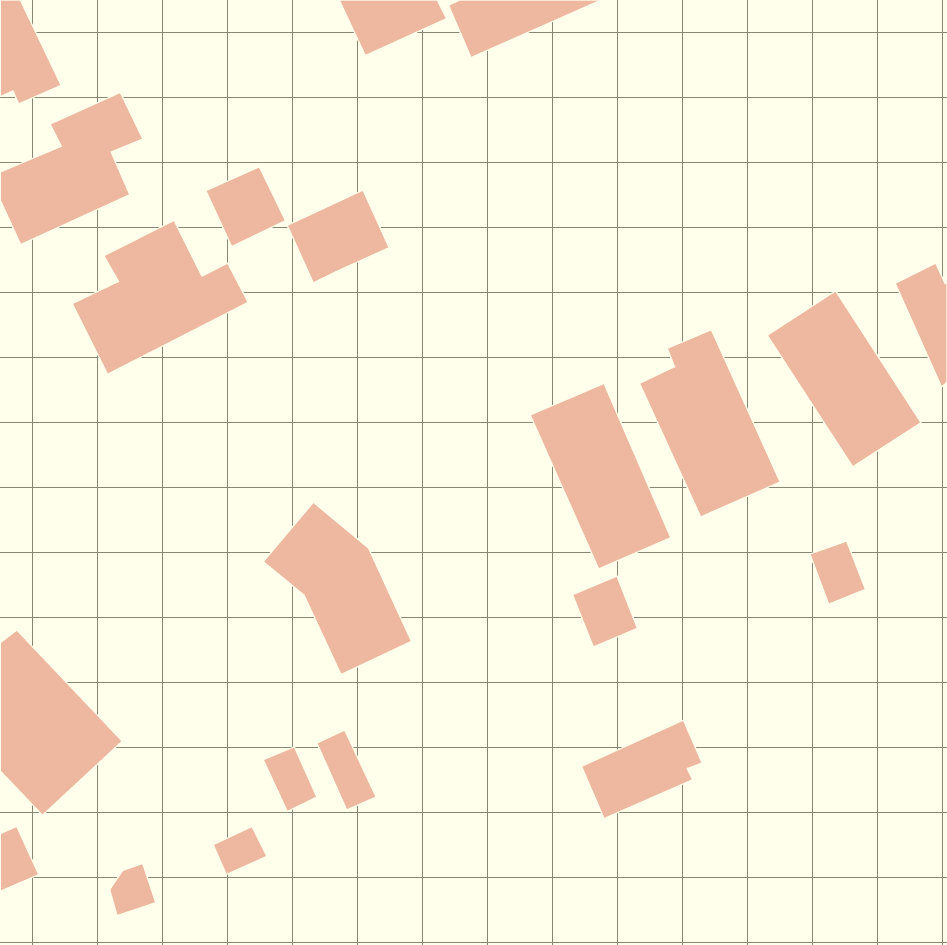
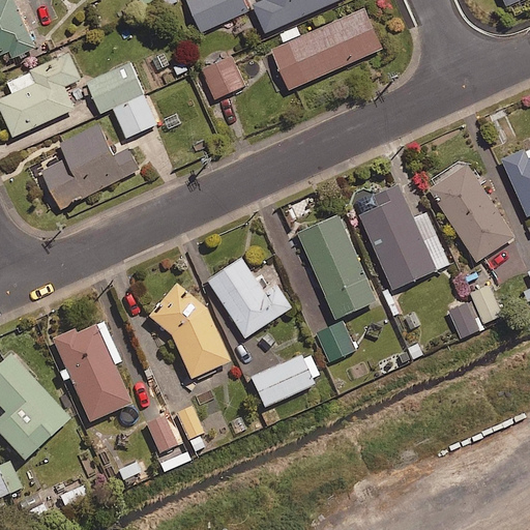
building: none -> [269,8,381,90]
building: none -> [205,59,245,99]
building: [287,190,389,283] -> [88,62,145,114]
building: none -> [208,254,293,334]
building: none -> [52,323,130,420]
building: [582,720,702,818] -> [252,354,319,409]

